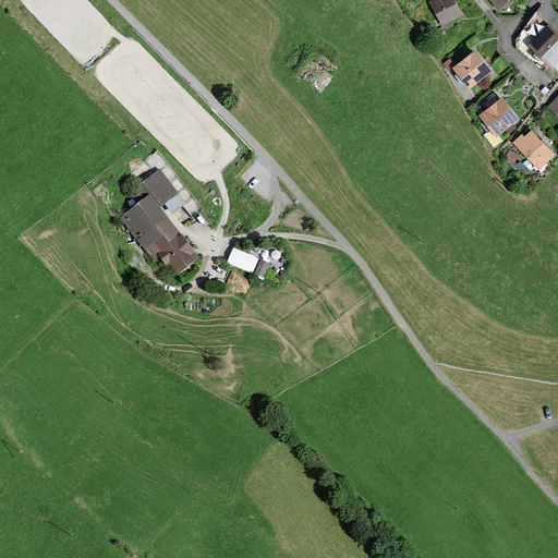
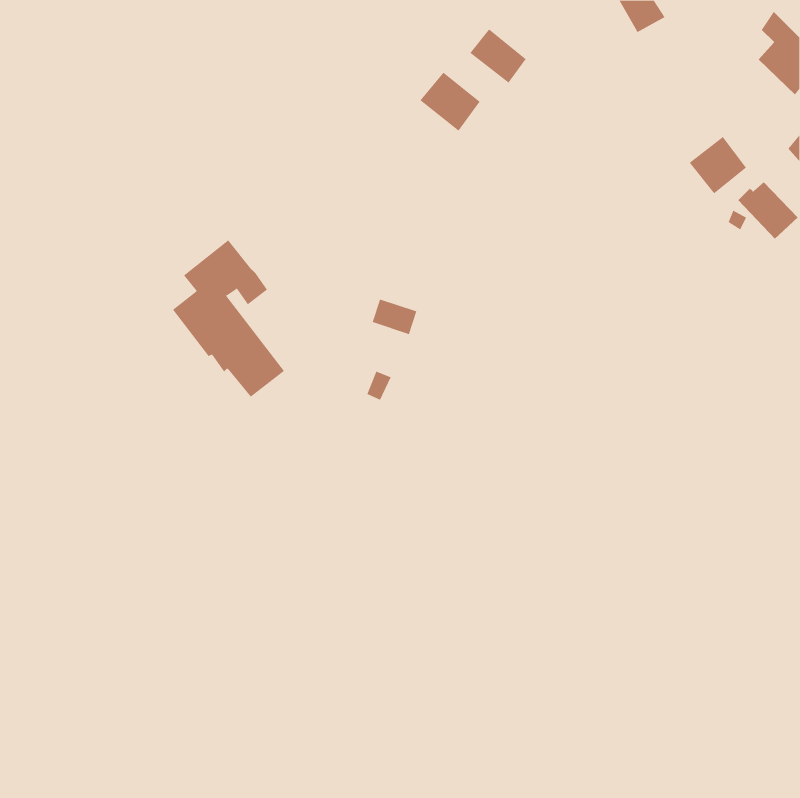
building: none -> [469,29,527,84]
building: [452,47,493,87] -> none
building: [228,248,259,274] -> [372,299,417,335]

